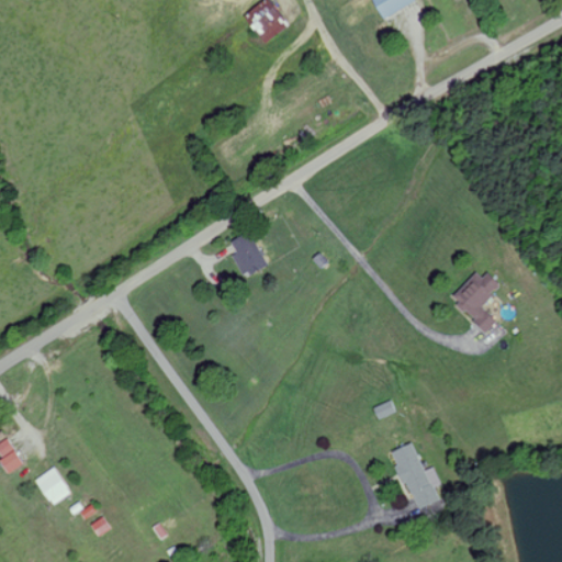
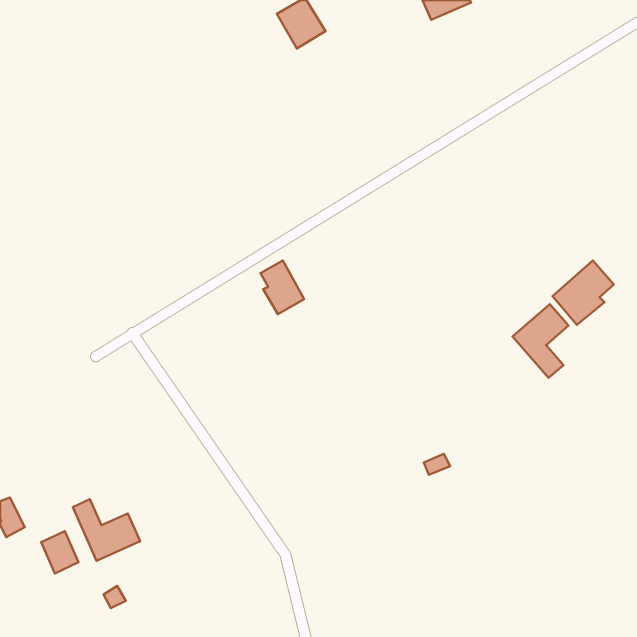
building: none -> [552,261,614,325]
building: none -> [73,499,140,561]
building: [390,441,442,508] -> none

